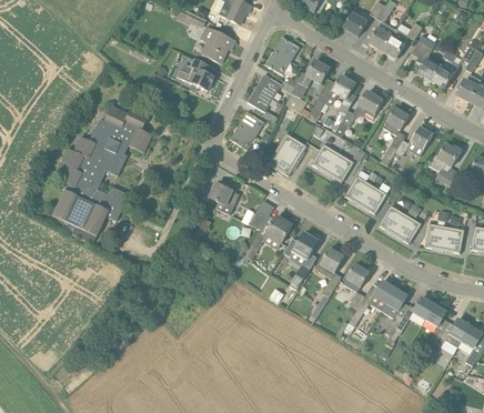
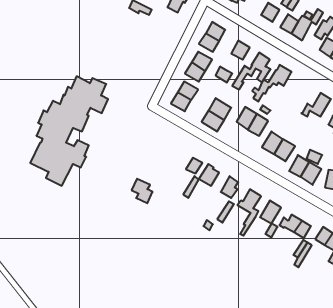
building: [199,27,234,62] -> none
building: [177,57,214,90] -> none
building: [384,107,409,151] -> none
building: [210,182,236,213] -> [132,179,153,203]

